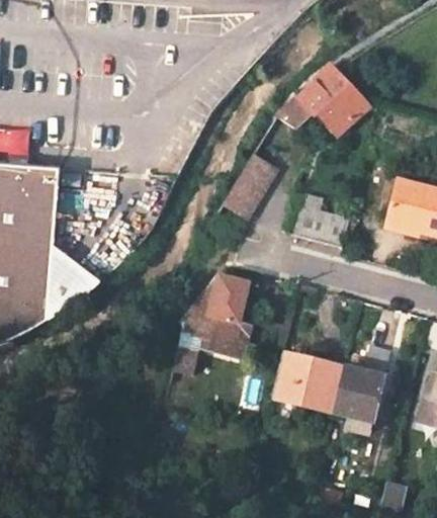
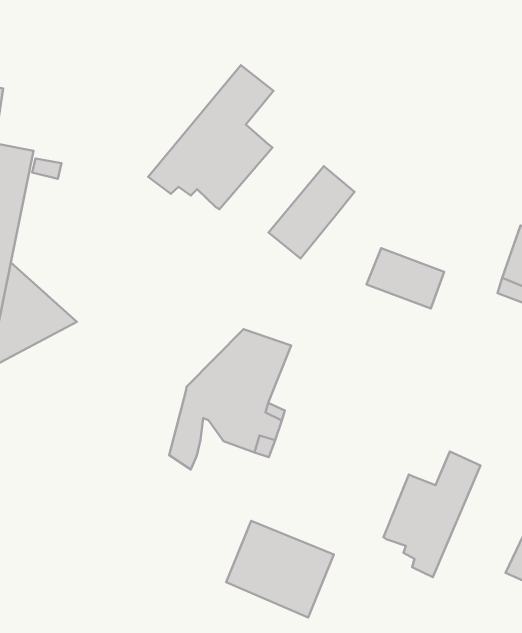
building: [284,69,371,138] -> none
building: none -> [148,65,273,209]
building: [270,345,342,407] -> [226,521,334,617]

